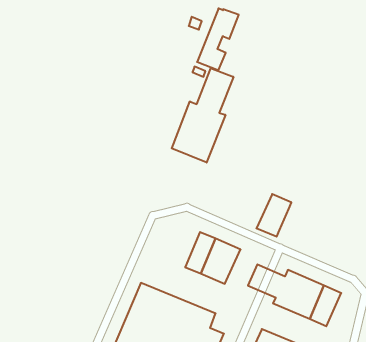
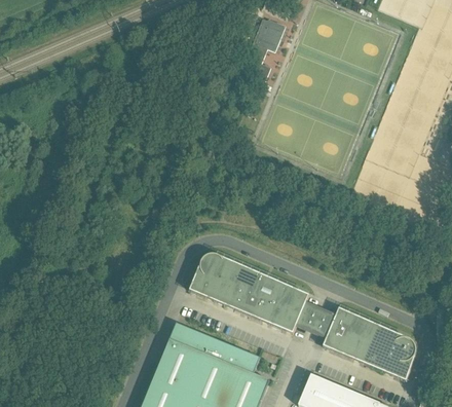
building: [172,68,233,163] -> none
building: [256,194,291,237] -> [270,286,309,333]
building: none -> [190,254,242,305]
building: none -> [383,334,417,380]

